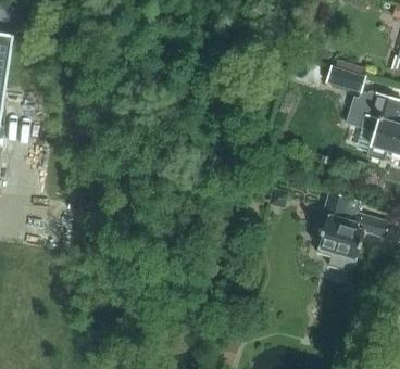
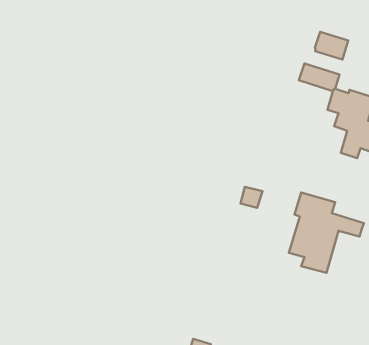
building: none -> [315,32,348,59]

